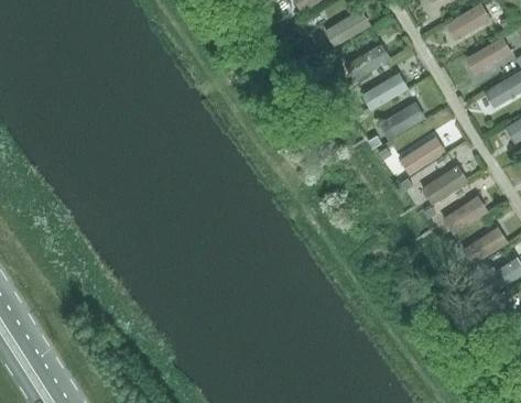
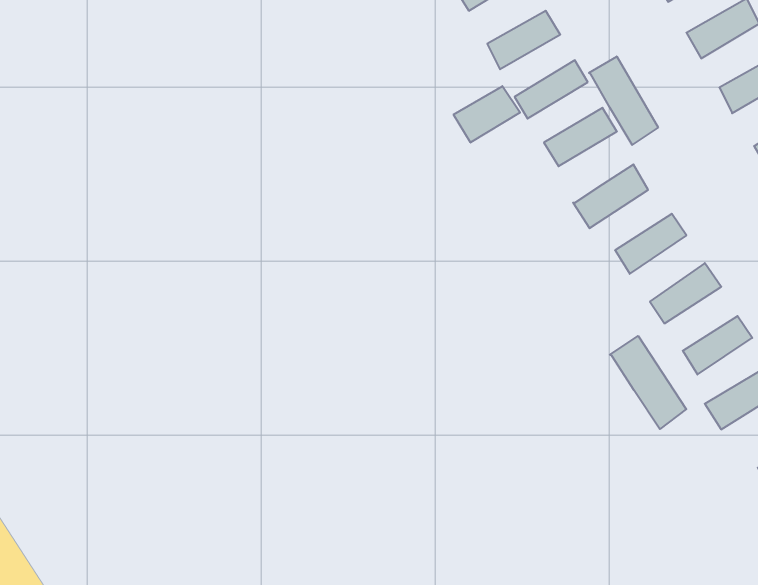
building: none -> [589,56,658,145]
building: none -> [454,86,520,143]
building: none -> [610,336,686,429]

